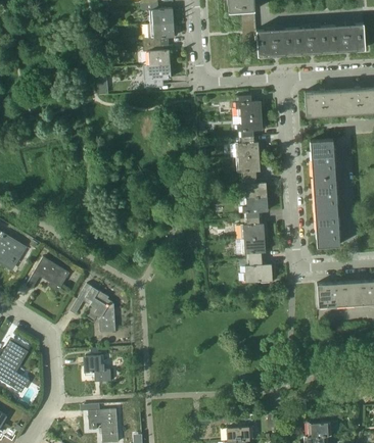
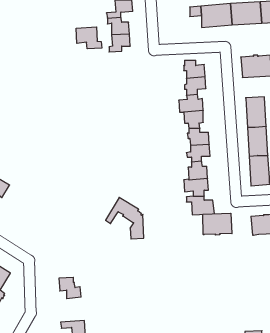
building: none -> [76,27,102,49]
building: [27,258,69,292] -> none
building: none -> [203,213,232,235]
building: [71,284,116,334] -> [106,197,144,239]

